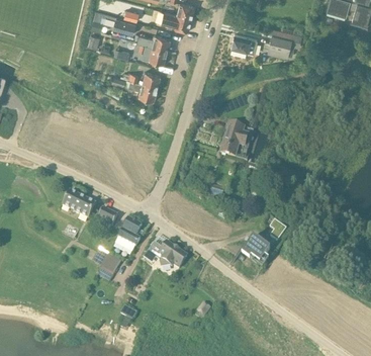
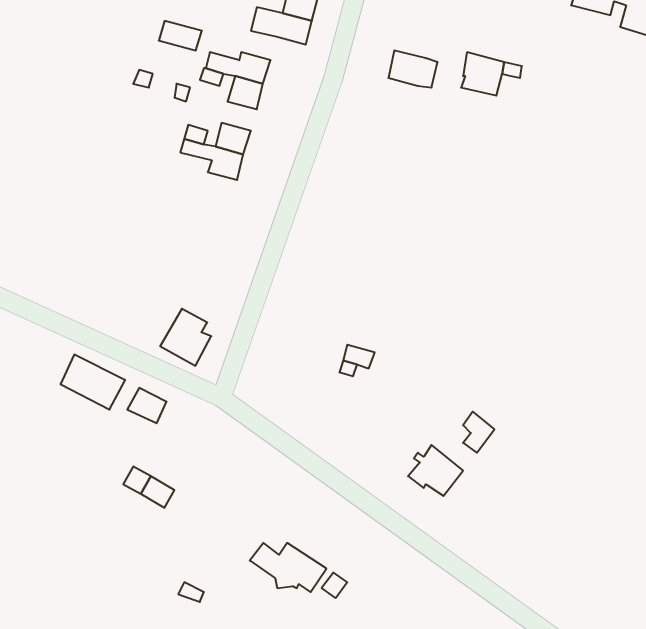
building: [220,124,254,161] -> none
building: [117,218,144,248] -> [160,309,211,366]
building: [148,244,187,269] -> [250,543,326,592]

